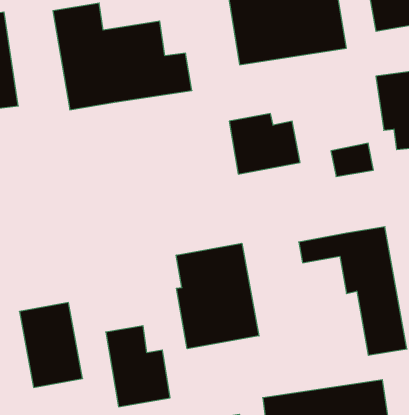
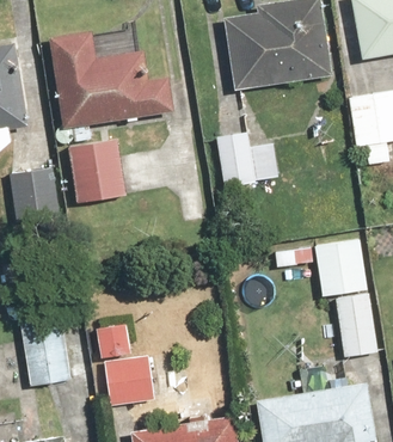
building: none -> [69,141,135,208]
building: none -> [12,167,67,219]
building: [176,243,259,349] -> none

